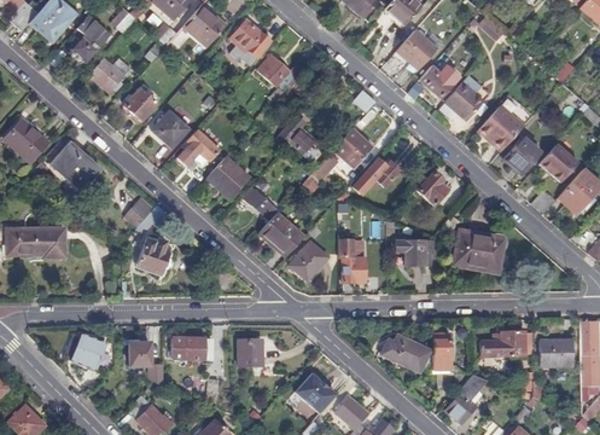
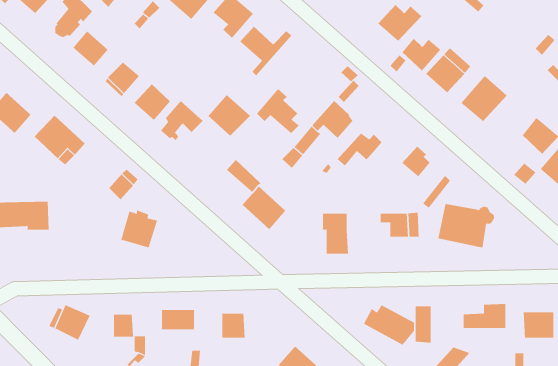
building: [503,135,541,173] -> none
building: [206,156,250,198] -> [207,94,251,136]
building: [287,242,328,282] -> none

